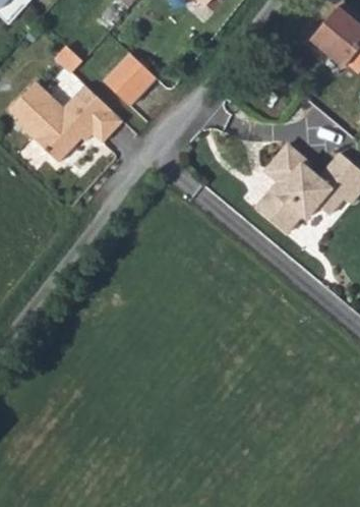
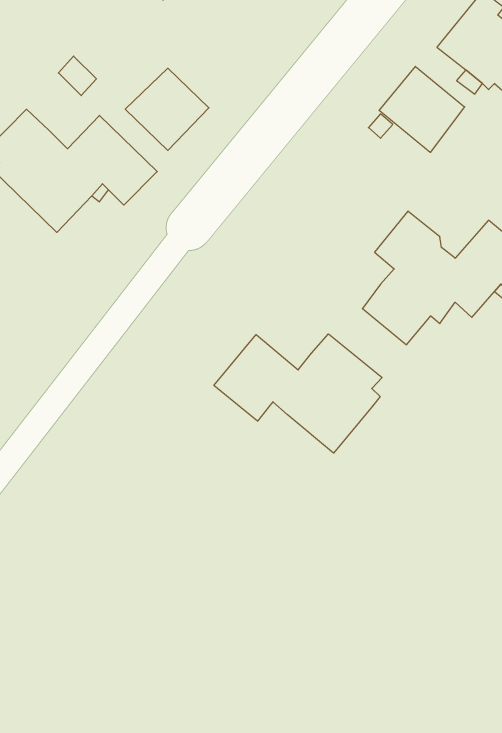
building: none -> [379,66,465,152]
building: none -> [214,334,382,453]

